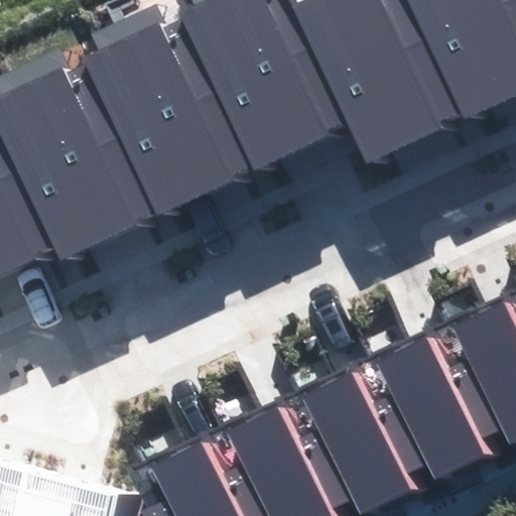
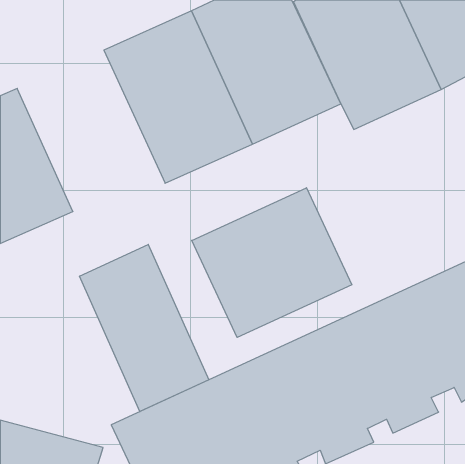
building: [20,57,183,249] -> none
building: none -> [192,188,352,337]
building: none -> [80,244,209,412]

